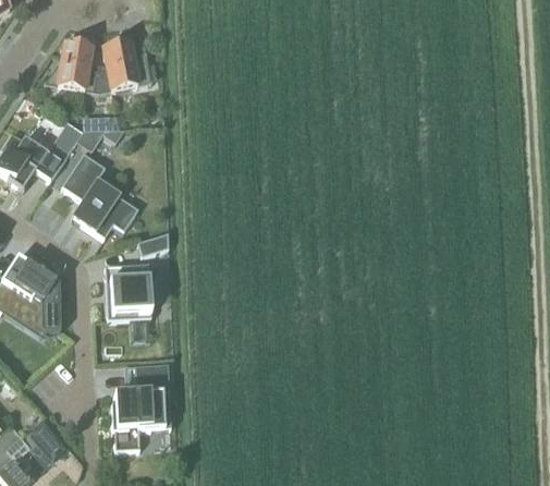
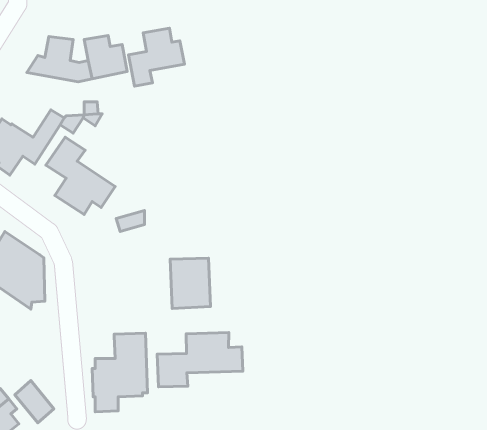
building: none -> [128,28,184,86]
building: [107,265,150,319] -> [170,258,210,309]
building: none -> [157,333,243,387]

